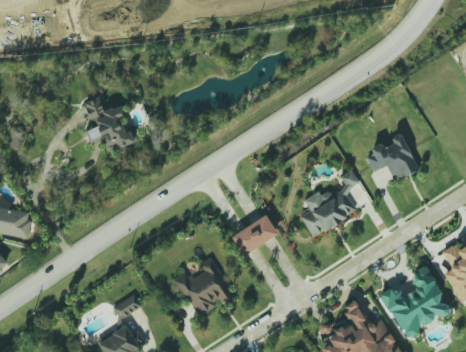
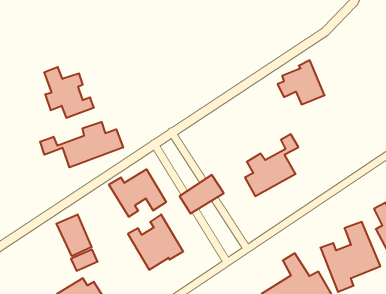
building: [367,132,418,180] -> [278,60,325,104]
building: none -> [40,122,123,167]
building: none -> [109,169,166,217]
building: none -> [56,214,92,256]

